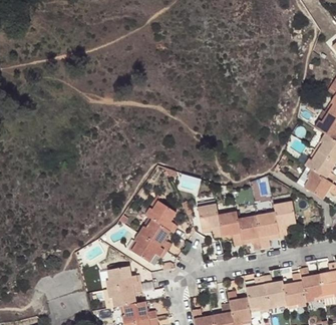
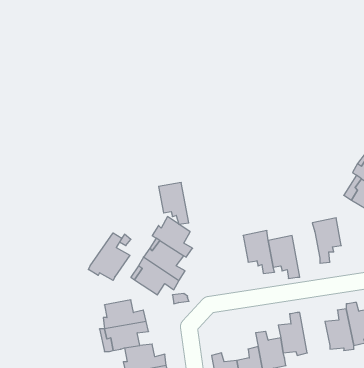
building: [198,205,222,238] -> [159,183,189,224]
building: [257,213,279,249] -> none
building: none -> [88,233,130,280]
building: [263,275,287,309] -> none

